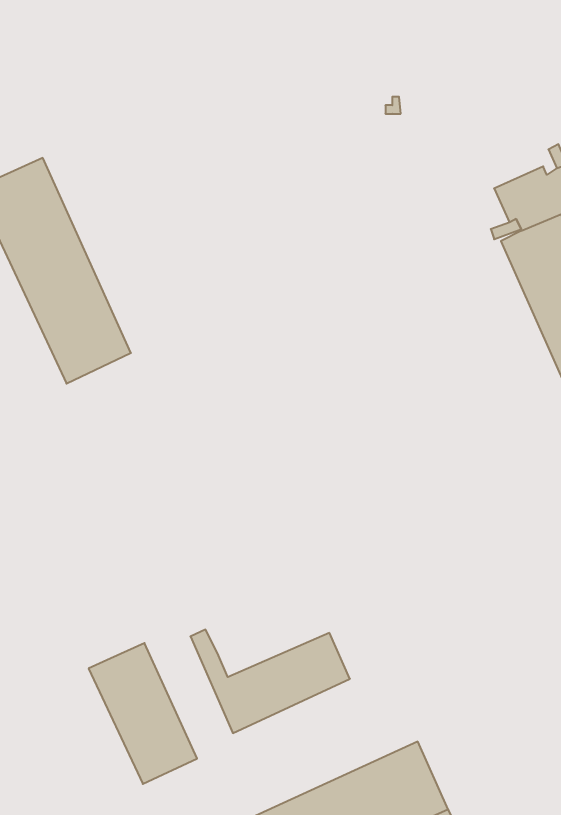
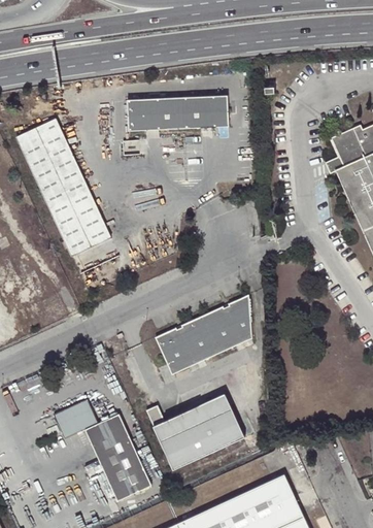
building: none -> [126,95,229,129]
building: none -> [154,297,251,376]
building: none -> [163,393,231,435]
building: none -> [53,400,98,439]

